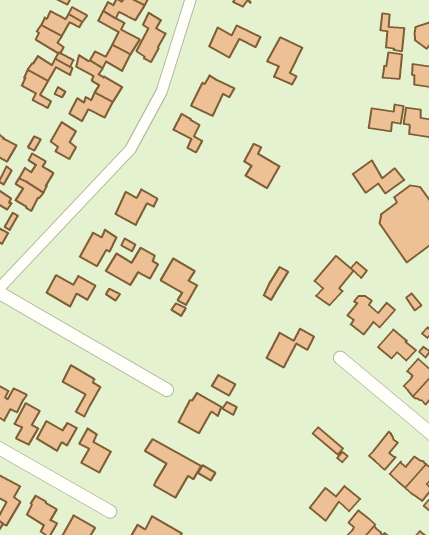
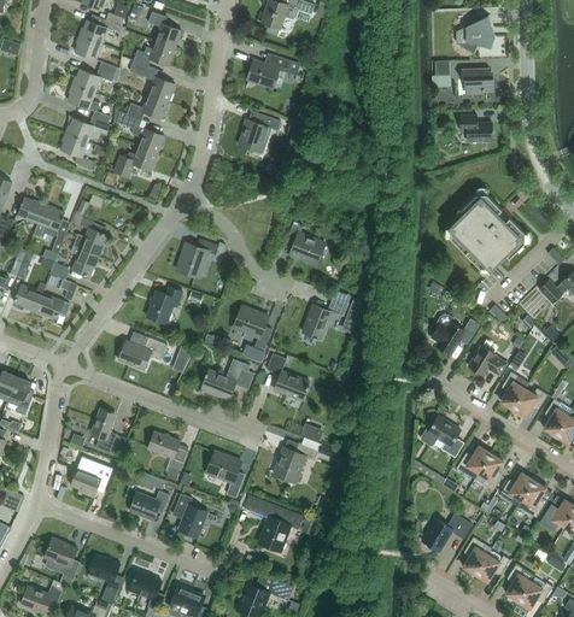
building: [137,13,166,62] -> none
building: [381,13,404,51] -> none
building: [267,37,302,85] -> none
building: [369,104,403,131] -> none
building: [173,114,202,152] -> none
building: [51,122,76,159] -> none
building: [244,144,280,188] -> [286,222,323,265]
building: [353,160,404,193] -> none
building: [106,248,158,285] -> [200,359,253,399]
building: [314,256,354,305] -> none
building: none -> [265,354,308,400]
building: [266,329,314,367] -> [301,296,347,339]
building: none -> [418,416,462,457]
building: none -> [206,451,244,498]
building: [14,403,40,445] -> [90,410,116,452]
building: none -> [455,446,491,478]

